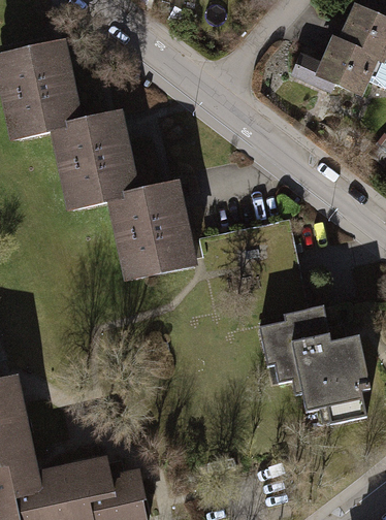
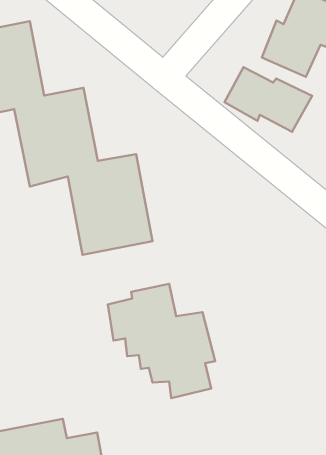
building: none -> [225,67,312,132]
building: [258,305,372,426] -> [108,284,215,398]

